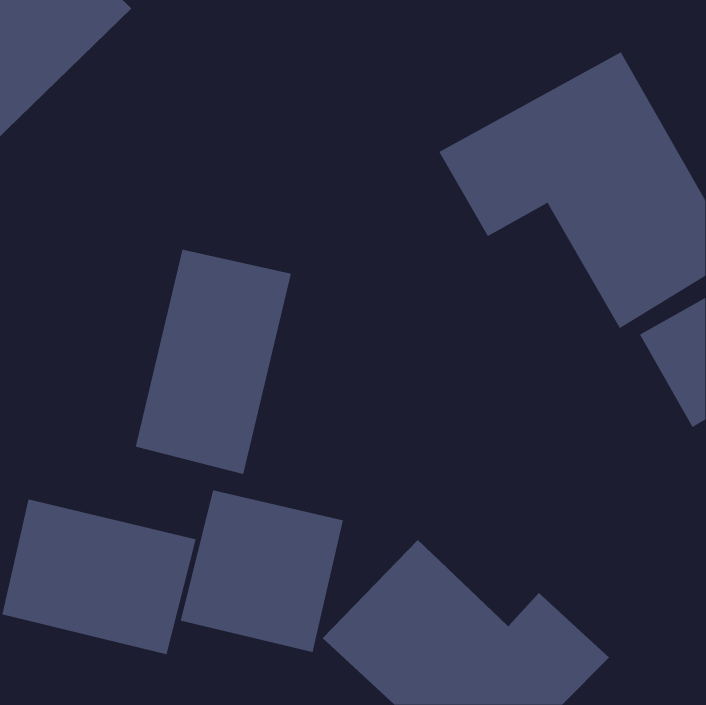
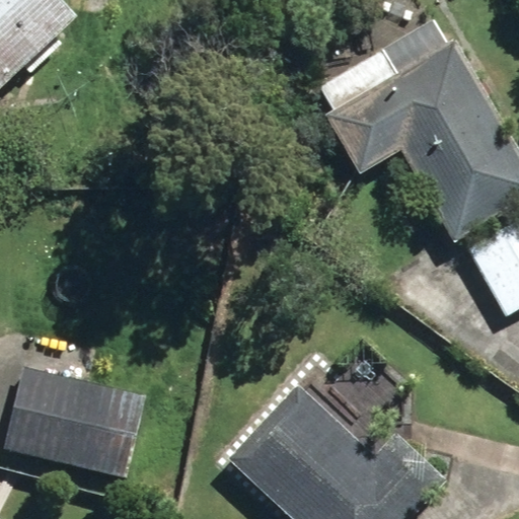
building: [135,249,292,475] -> none
building: [180,489,344,653] -> none

